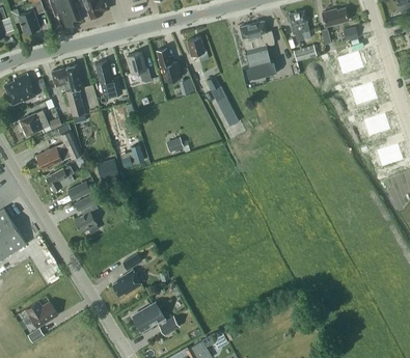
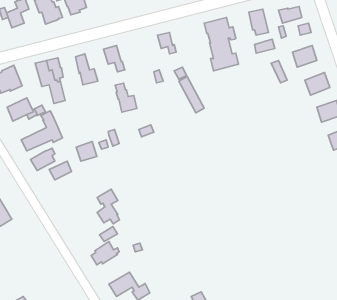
building: [157,49,181,81] -> [115,83,137,112]
building: [74,195,99,233] -> [97,189,120,224]
building: [25,301,57,328] -> none

